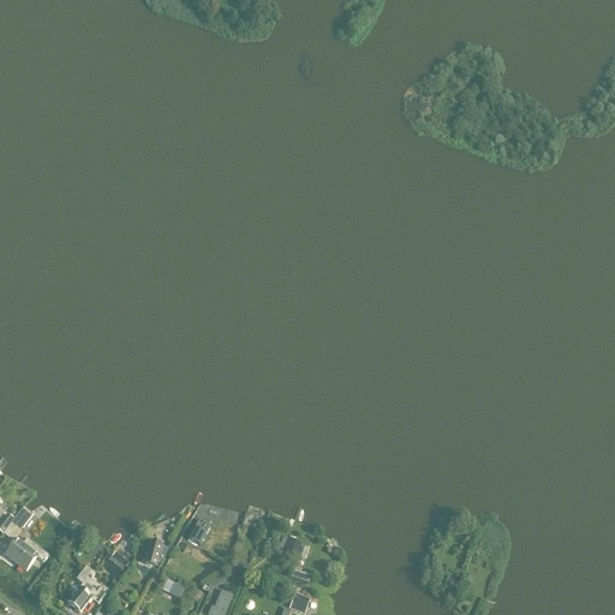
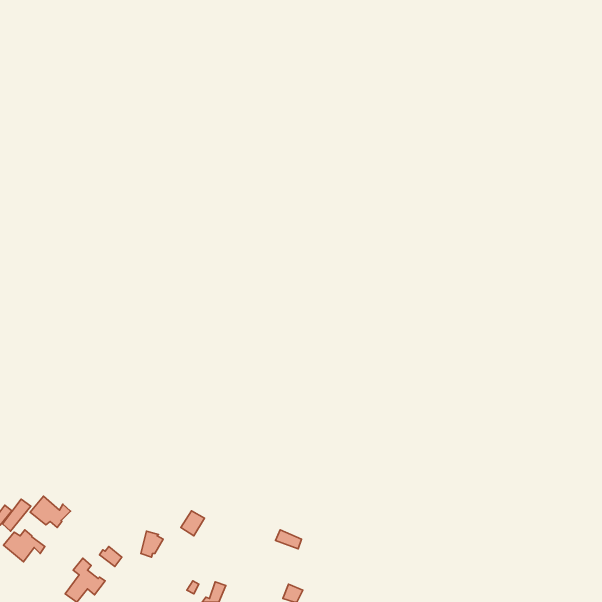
building: none -> [30,496,70,527]

